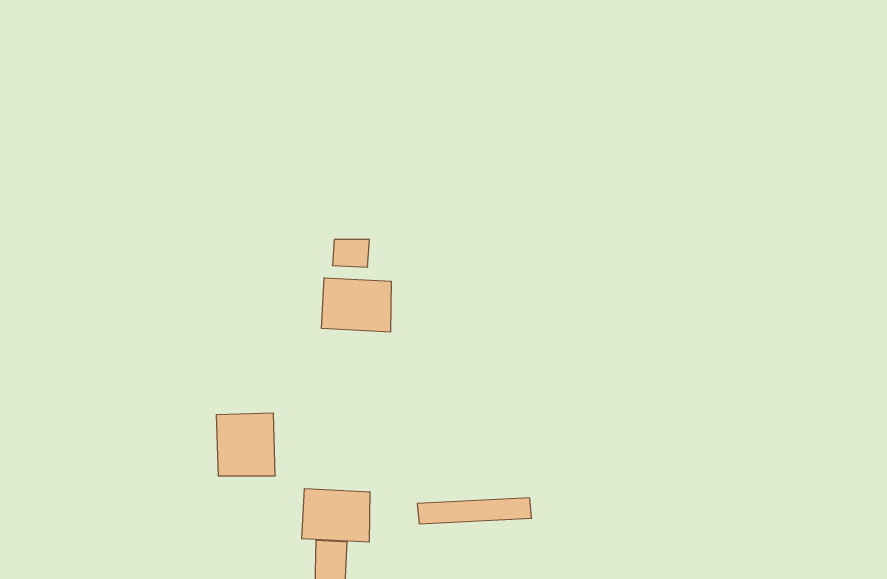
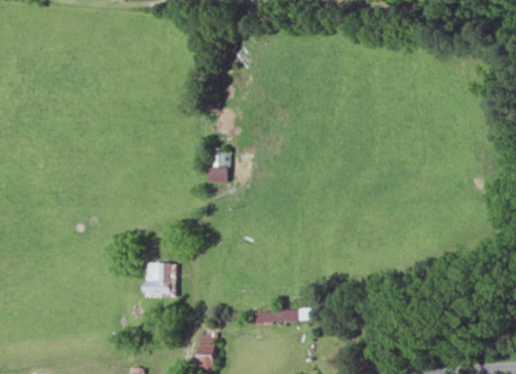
building: [321,278,391,332] -> none
building: [302,489,370,542] -> none

